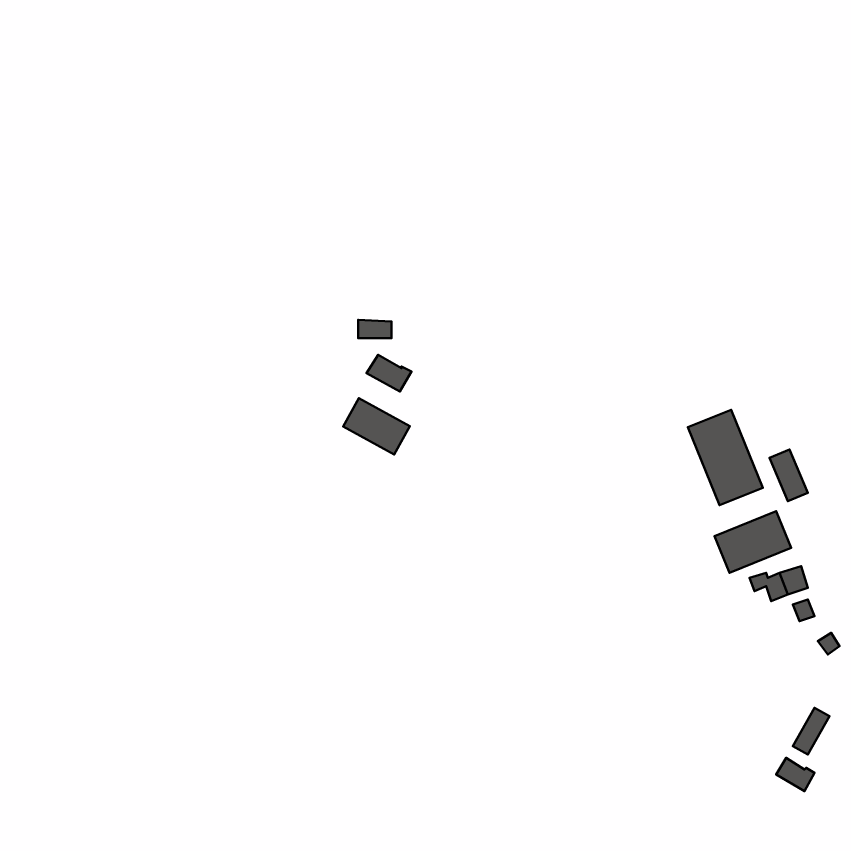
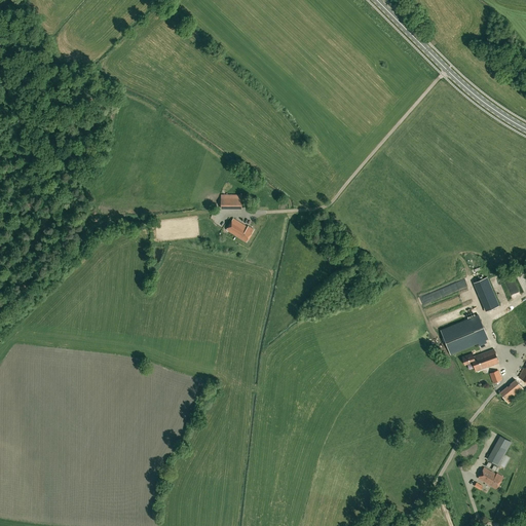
building: [343,398,410,455] -> none
building: [688,410,763,505] -> none

